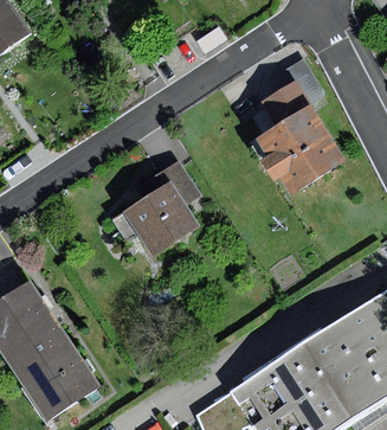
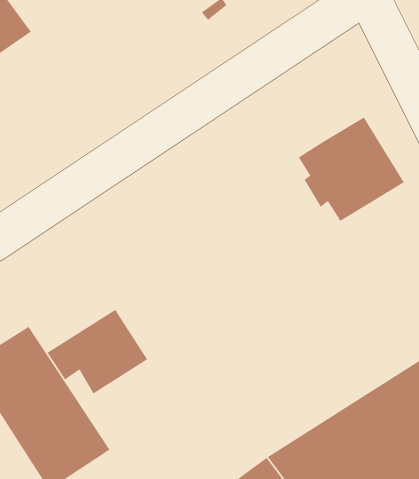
building: [260,79,311,126] -> none
building: [111,182,196,255] -> [47,309,148,395]

